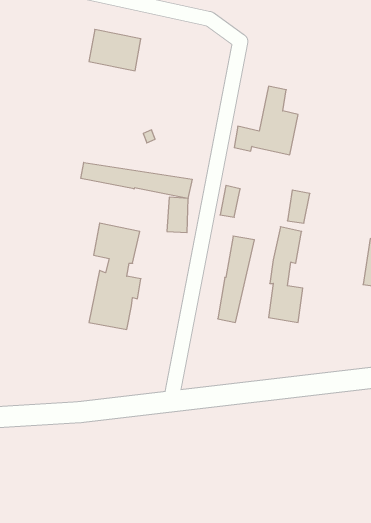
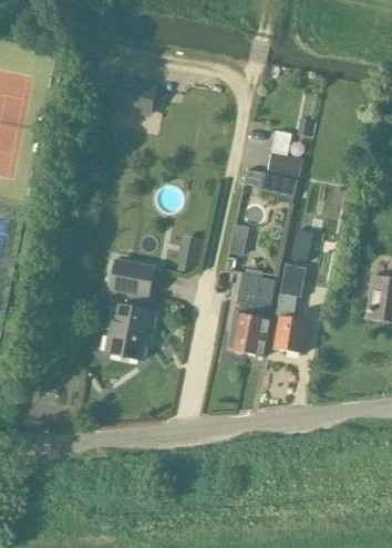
building: [81,162,192,198] -> none
building: none -> [245,275,276,356]

